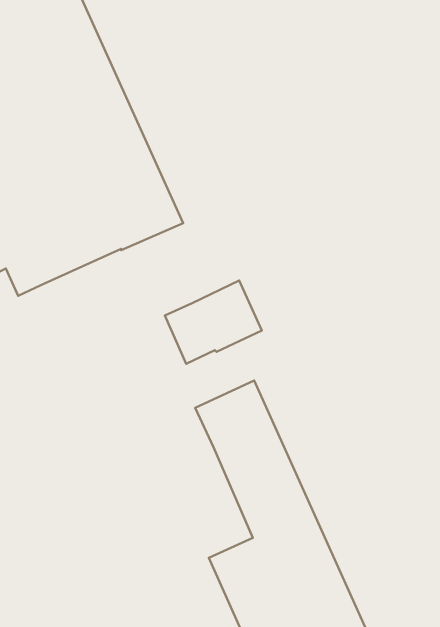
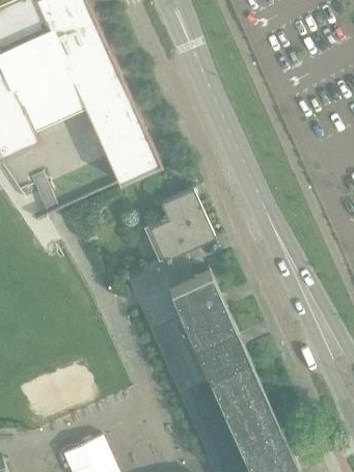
building: none -> [159,187,198,218]
building: none -> [126,250,208,392]

